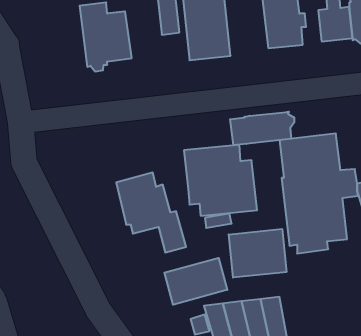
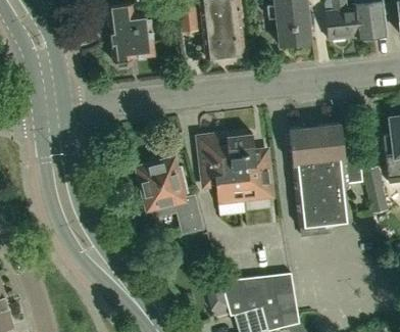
building: [230,112,294,145] -> none
building: [229,229,286,278] -> none
building: [164,258,227,305] -> none

